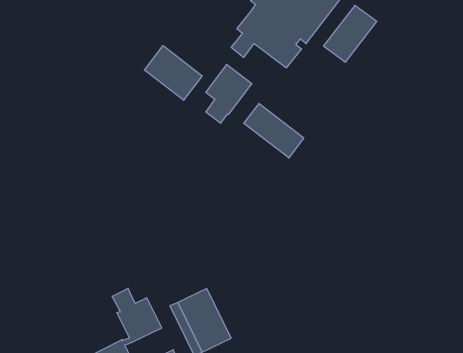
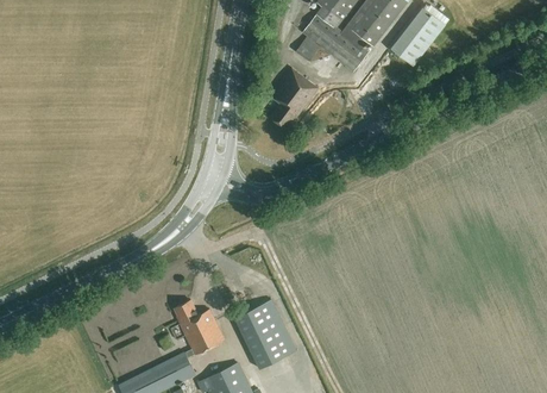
building: [144,46,202,100] -> none
building: [244,103,304,158] -> none

